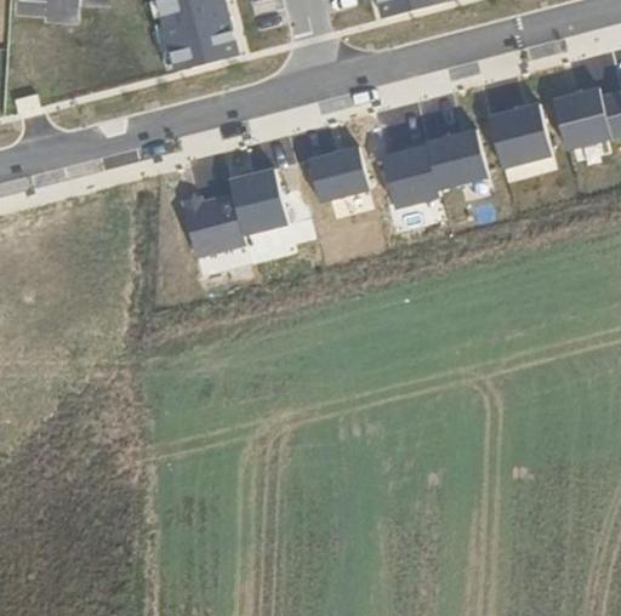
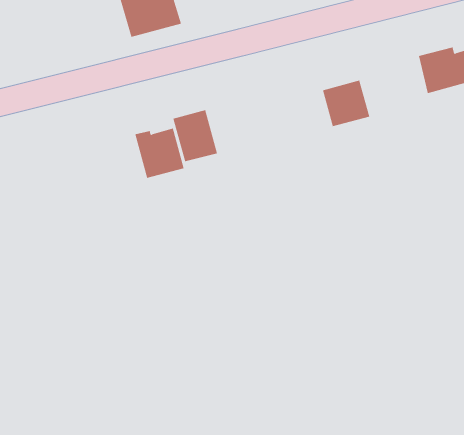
building: [486,102,552,170] -> none
building: [381,142,439,207] -> none
building: [306,146,370,204] -> none

